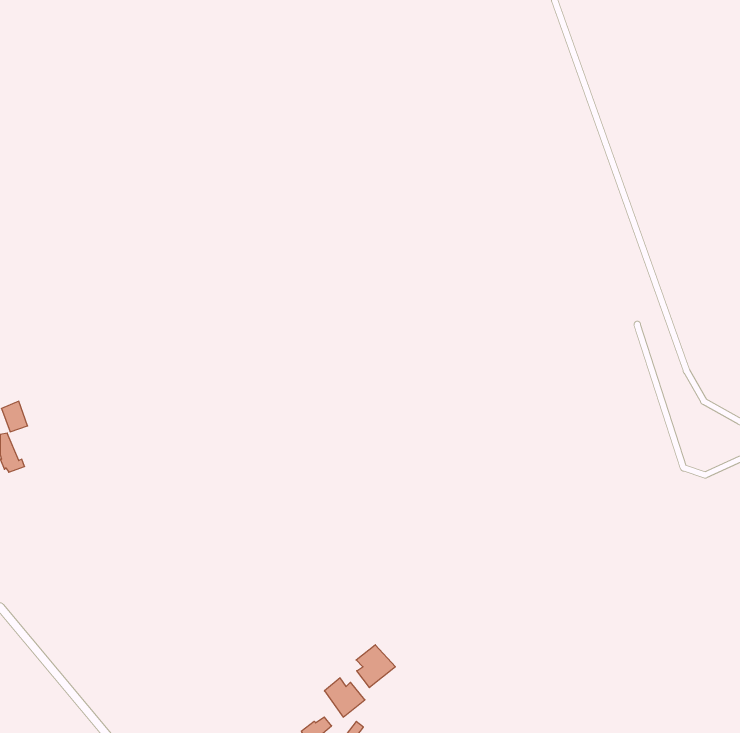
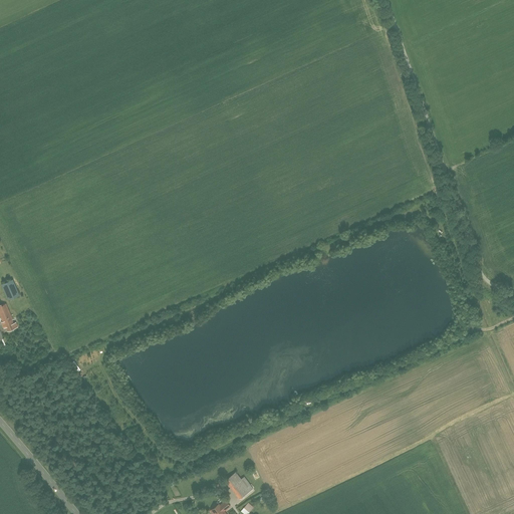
building: [356,645,395,688] -> none

